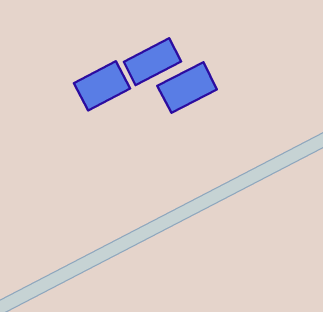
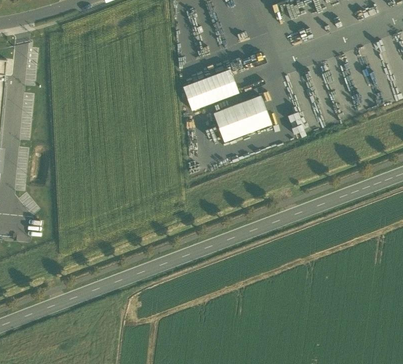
building: [74,61,130,110] -> none

